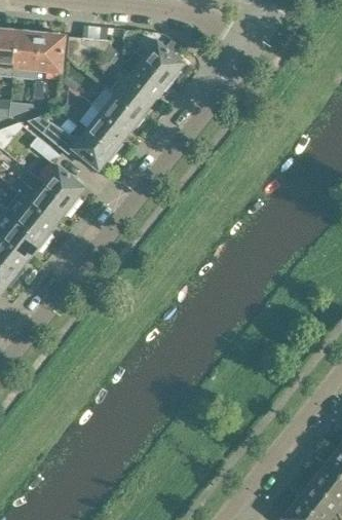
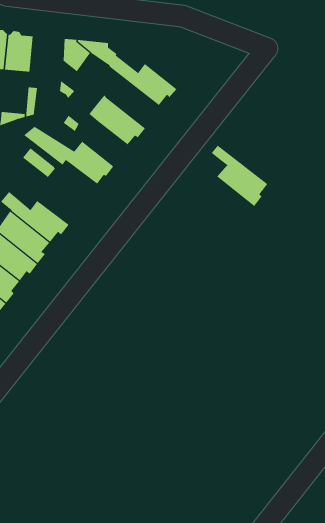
building: [36,33,63,70] -> none
building: [141,42,183,83] -> none
building: [102,63,154,119] -> [211,145,268,207]
building: [83,113,125,154] -> none
building: [42,166,83,208] -> none

